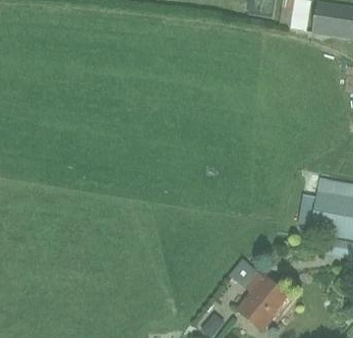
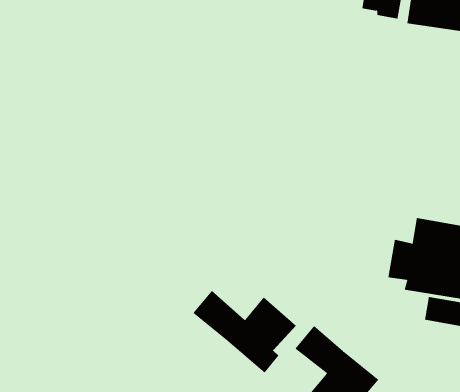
building: none -> [192,290,297,373]

